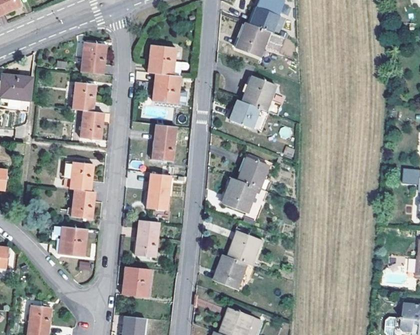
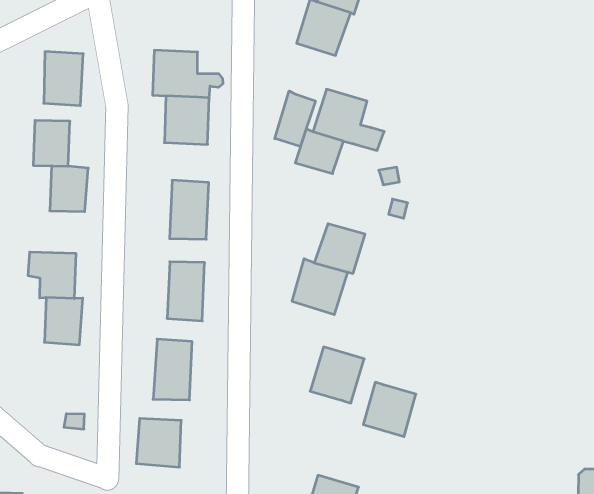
building: none -> [275,91,315,146]
building: [58,226,87,257] -> none
building: [215,255,248,289] -> [363,382,416,437]

